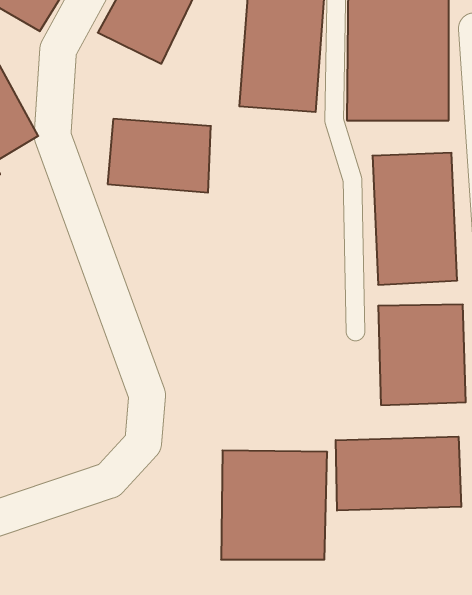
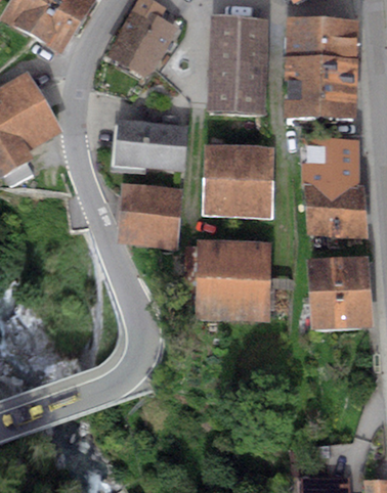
building: none -> [204,145,273,217]
building: none -> [117,182,181,248]
building: [336,437,461,511] -> none
building: [221,450,327,560] -> [195,240,271,319]

